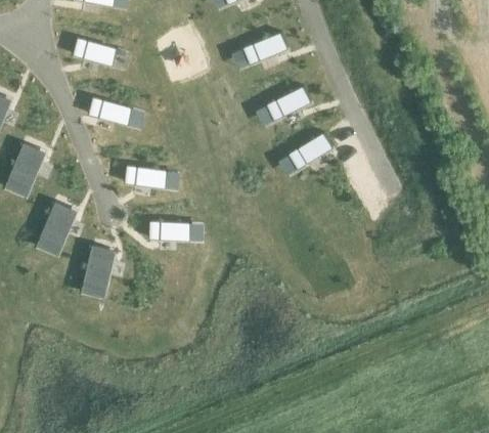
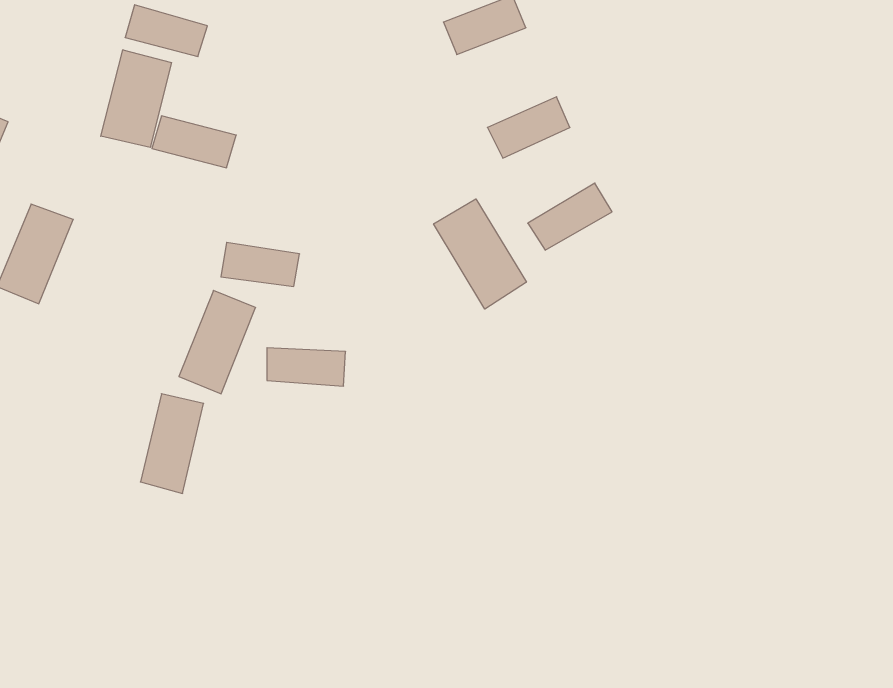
building: none -> [101,50,172,147]
building: none -> [434,199,526,309]
building: [35,202,76,257] -> [179,290,256,394]

